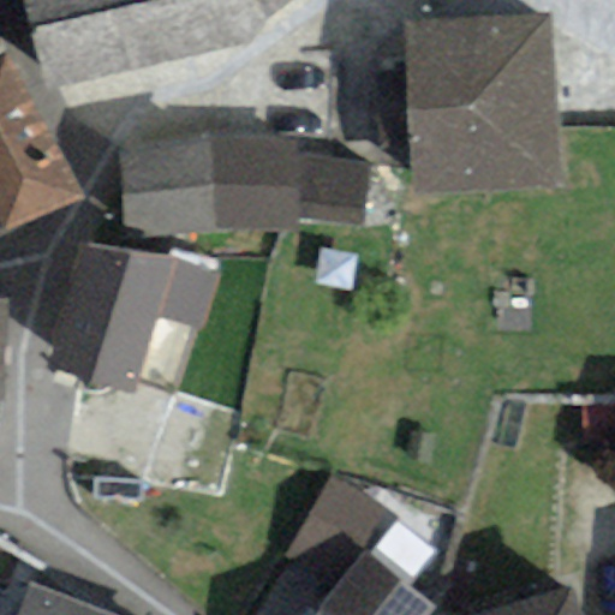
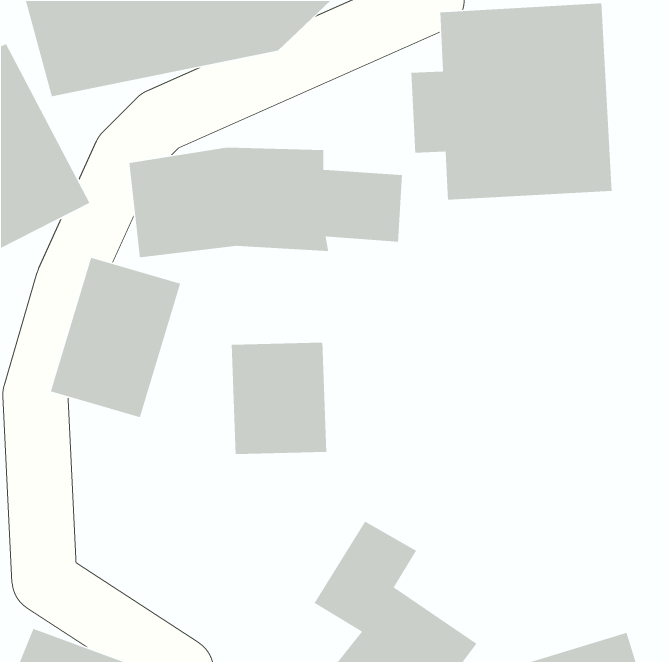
building: none -> [231,342,327,455]

